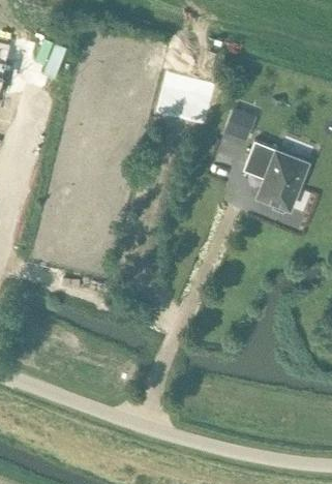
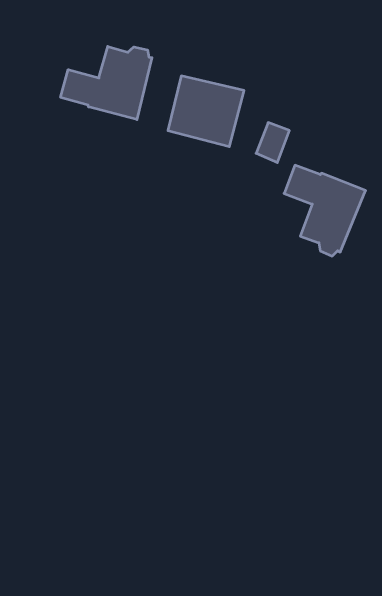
building: none -> [61,46,152,120]

